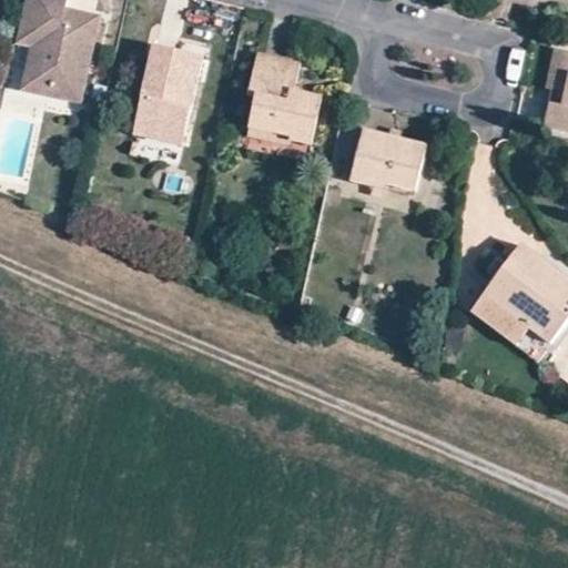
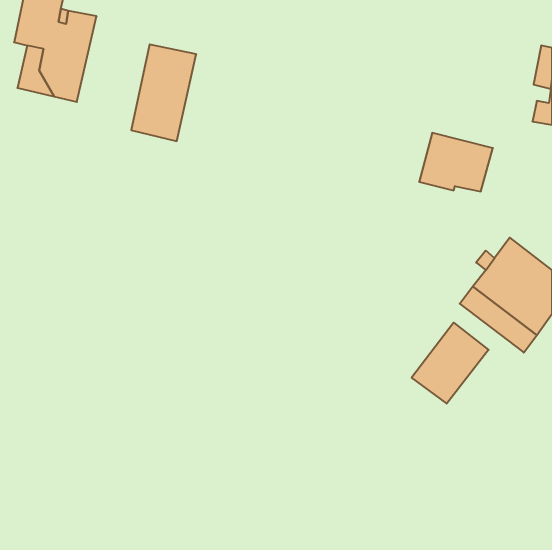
building: [247,52,321,144] -> none
building: [351,129,426,189] -> [419,133,493,191]
building: none -> [412,323,489,404]

